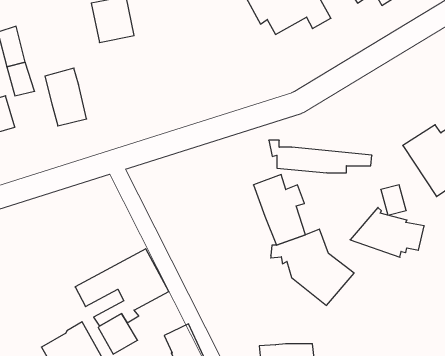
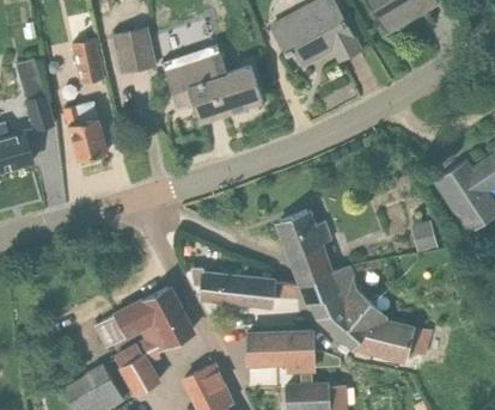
building: none -> [71,38,103,84]
building: none -> [160,42,262,121]
building: [269,140,372,173] -> [191,268,298,301]
building: [350,207,424,257] -> [354,312,430,363]
building: none -> [246,331,314,386]

